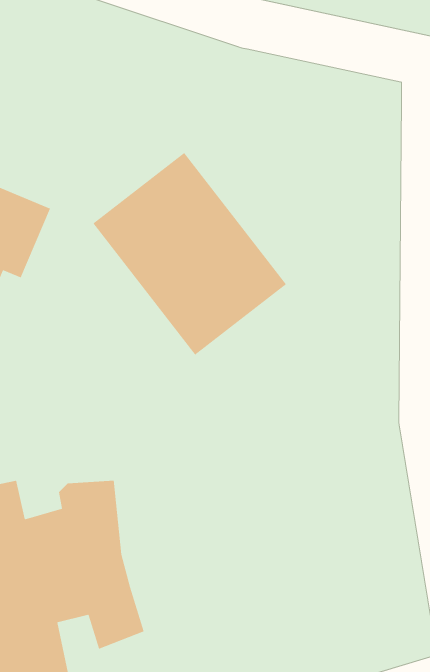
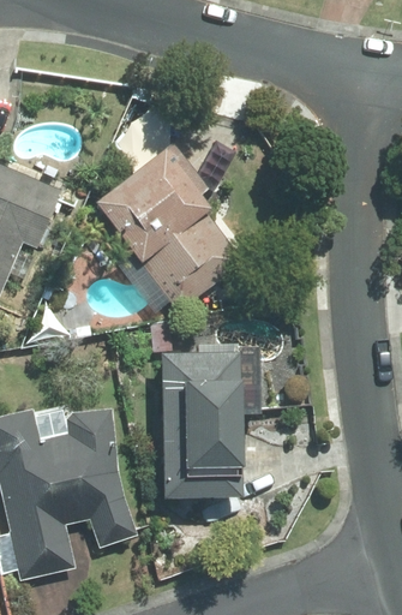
building: none -> [158,346,256,496]

